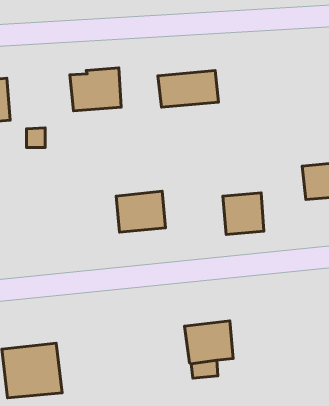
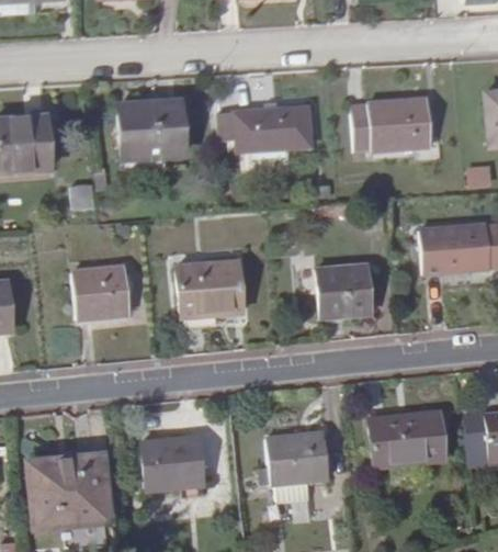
building: none -> [349,99,430,151]
building: none -> [77,269,132,320]
building: none -> [372,408,449,465]
building: none -> [145,436,207,488]

